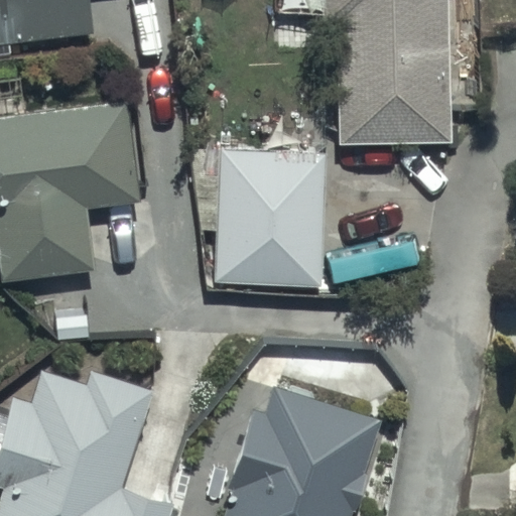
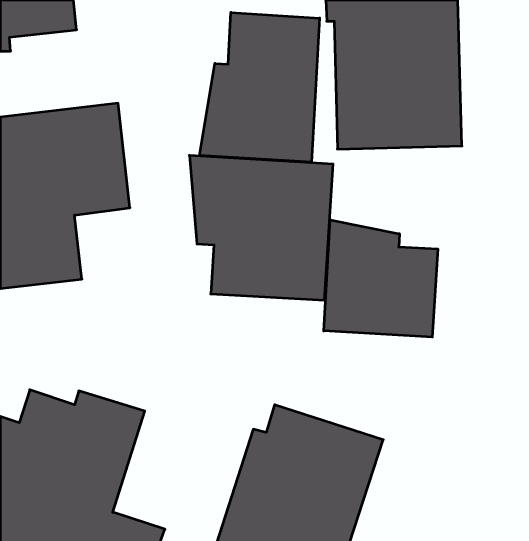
building: none -> [200,12,320,162]
building: none -> [324,220,438,337]

